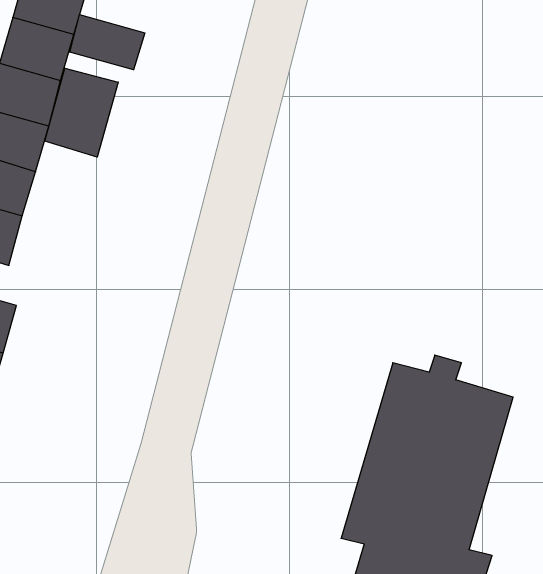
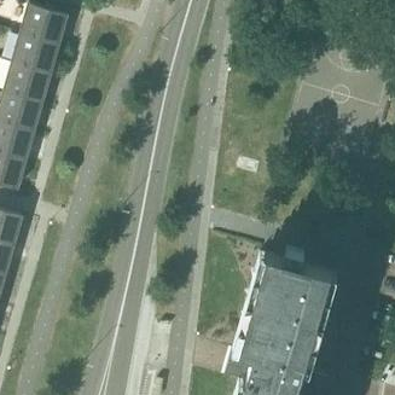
building: [70,15,145,70] -> none
building: [45,68,118,157] -> none

